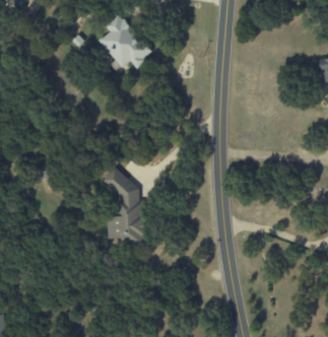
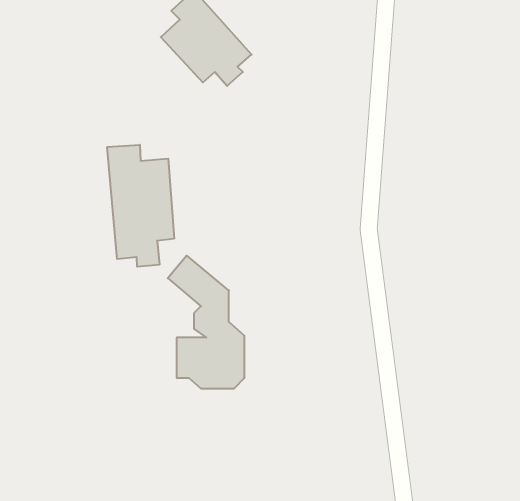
building: none -> [107,145,174,267]

